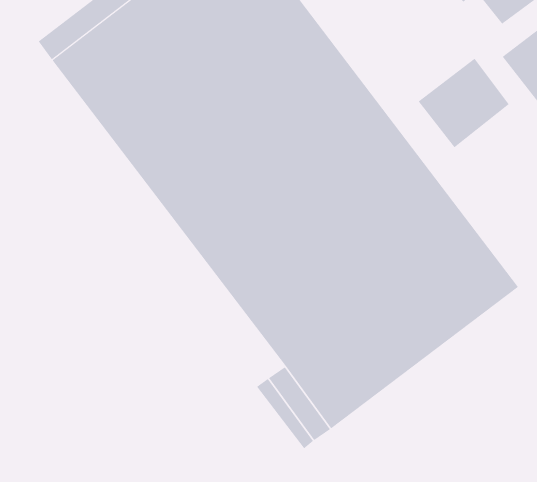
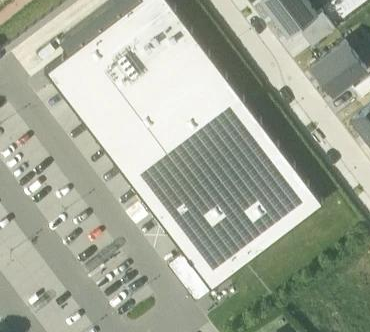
building: [418,58,510,148] -> none

